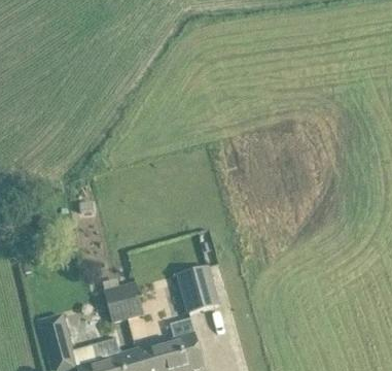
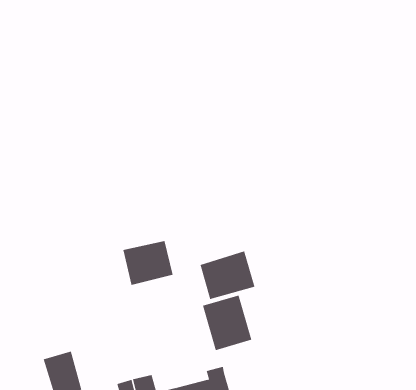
building: none -> [200,250,255,300]
building: [104,283,148,323] -> [122,240,174,286]

